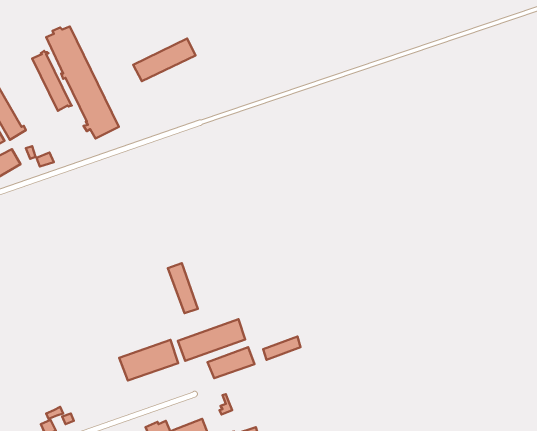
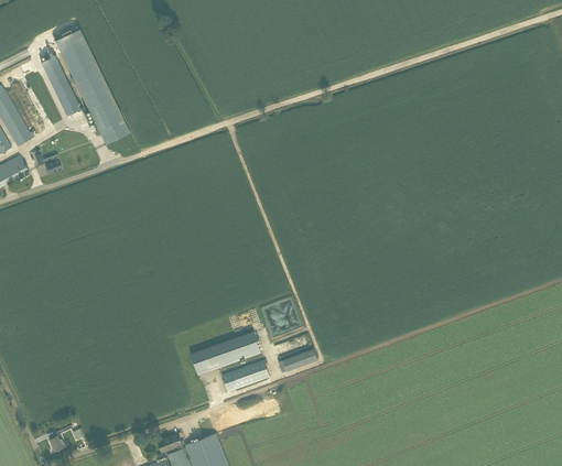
building: [133,38,195,81] -> none
building: [168,263,198,313] -> none
building: [119,340,178,381] -> none

